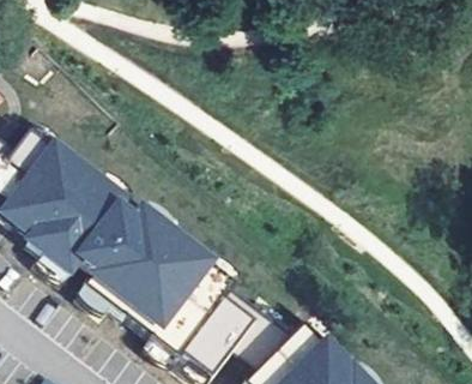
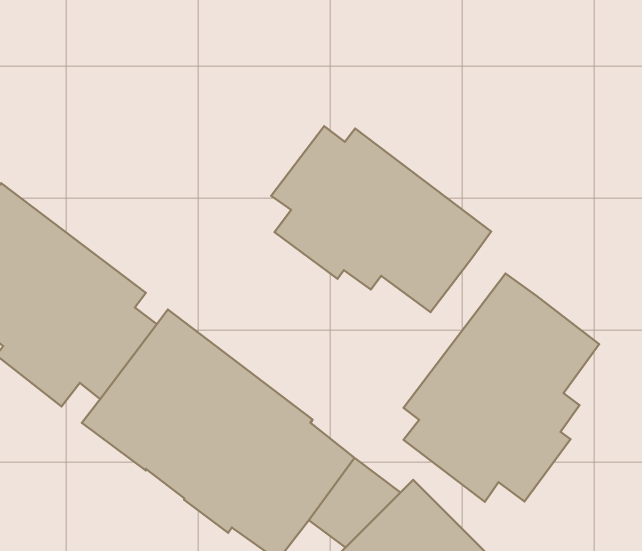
building: none -> [271,126,491,312]
building: none -> [403,273,599,502]

